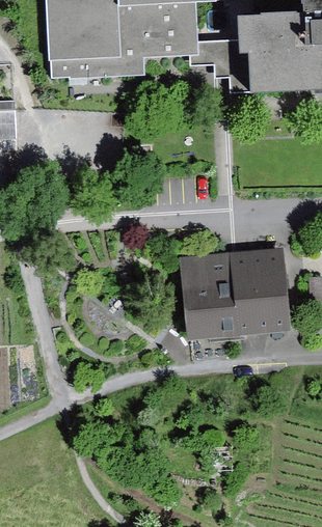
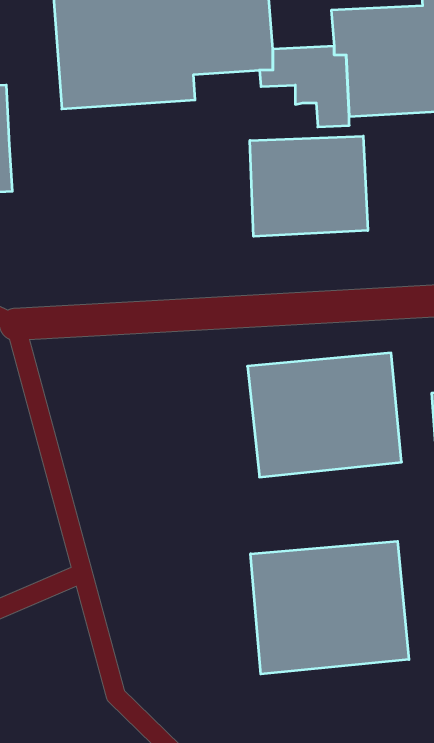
building: none -> [250,136,368,236]
building: none -> [251,541,409,674]

